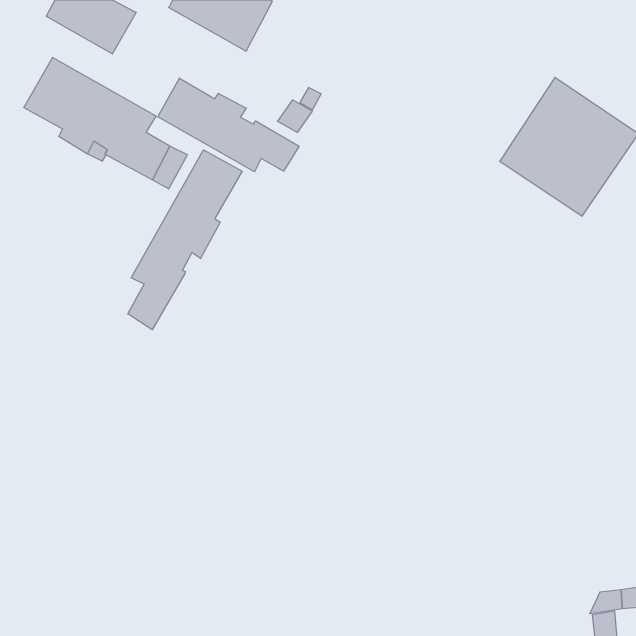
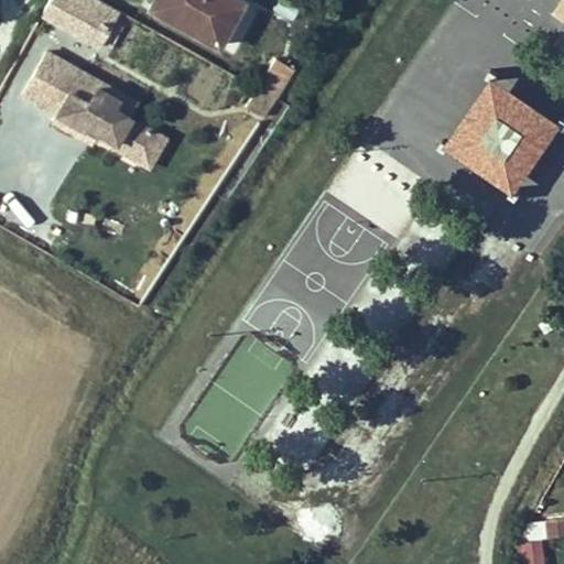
building: [158,78,299,172] -> none
building: [128,150,242,330] -> none

